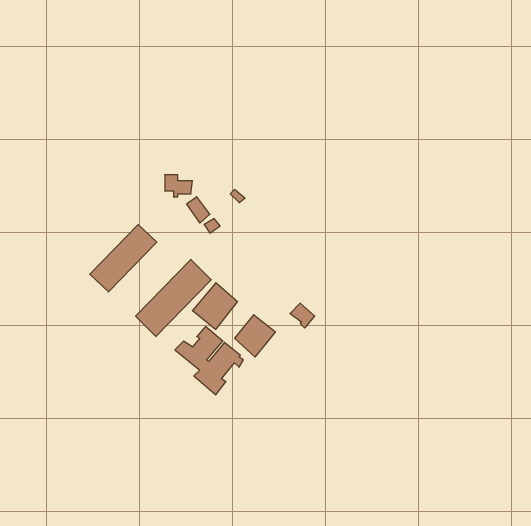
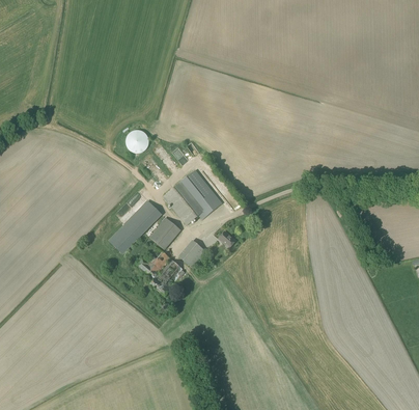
building: none -> [163,169,222,225]
building: [90,225,157,292] -> none

